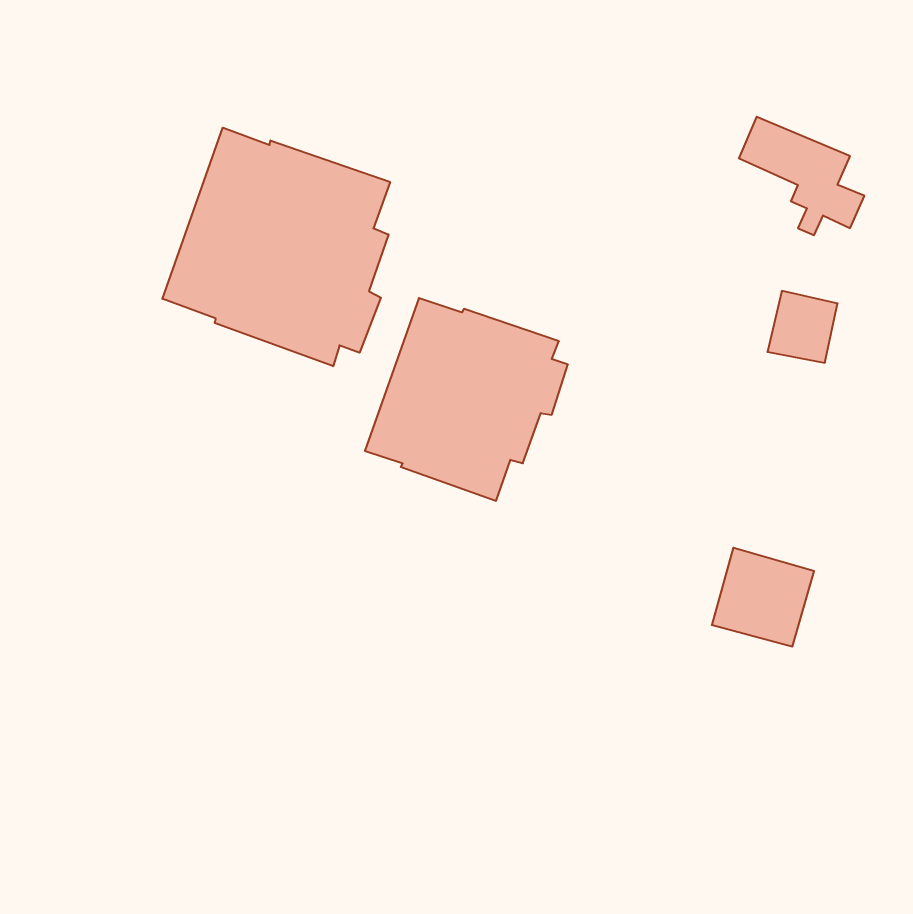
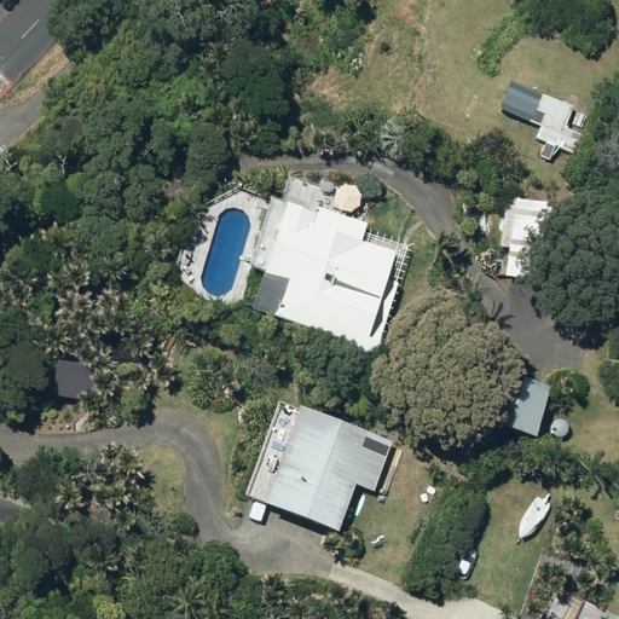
building: [162,128,390,366] -> none
building: none -> [262,403,389,531]

